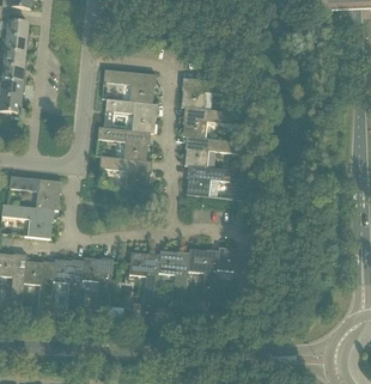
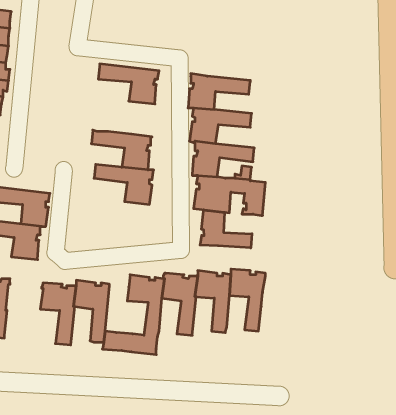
building: [105,98,157,133] -> none
building: none -> [200,210,252,248]
building: [23,260,55,313] -> none

